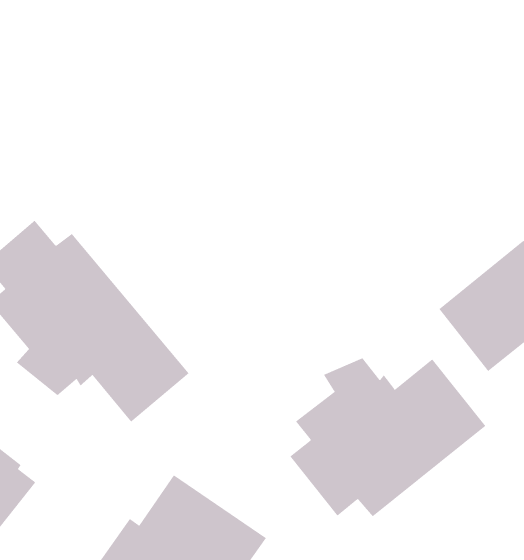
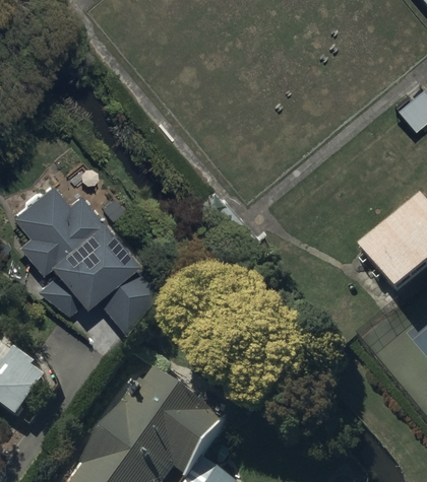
building: [289,358,486,517] -> none

